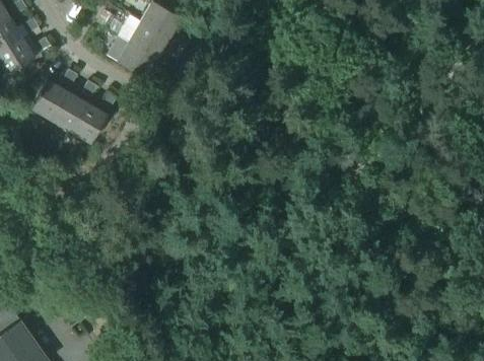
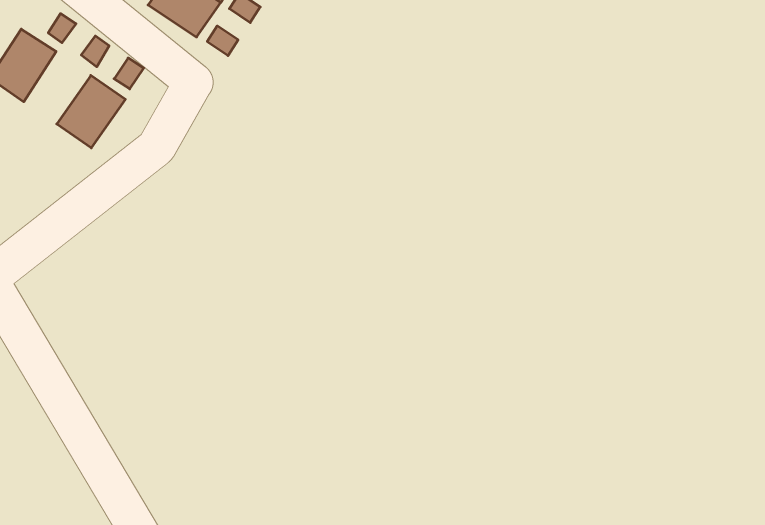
building: [51,90,87,131] -> none

